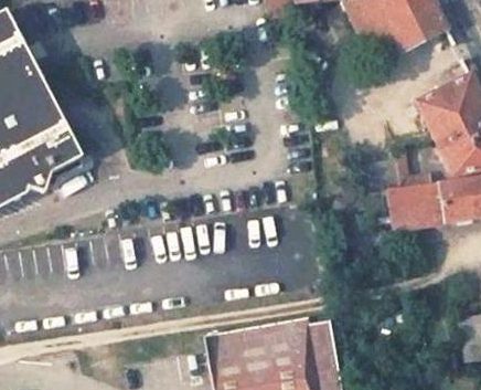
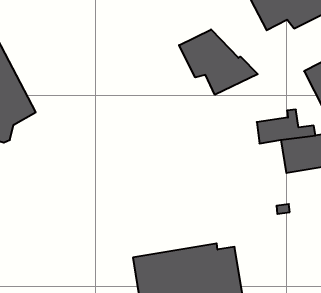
building: none -> [179,29,258,95]

